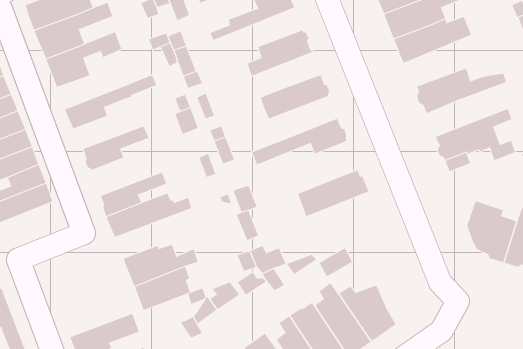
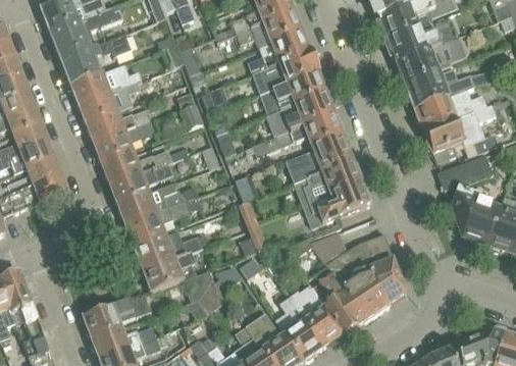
building: none -> [235,10,301,47]
building: none -> [394,36,466,84]
building: none -> [252,51,319,94]
building: none -> [70,64,143,105]
building: none -> [414,89,486,130]
building: none -> [268,93,332,136]
building: none -> [86,108,152,142]
building: none -> [286,135,352,184]
building: none -> [102,147,189,186]
building: none -> [437,154,493,213]
building: none -> [303,181,370,226]
building: none -> [124,197,201,244]
building: none -> [359,234,406,305]

